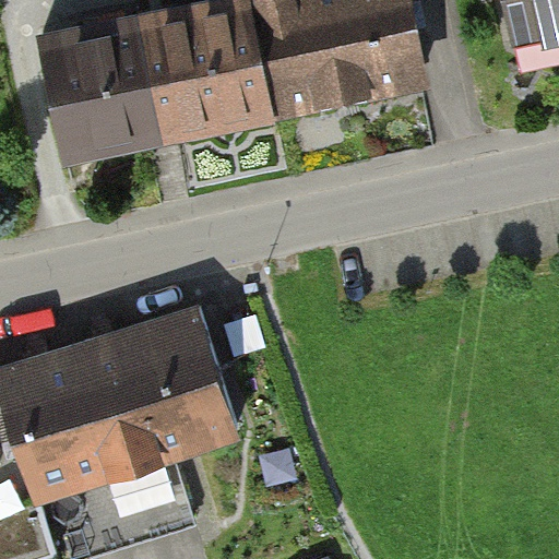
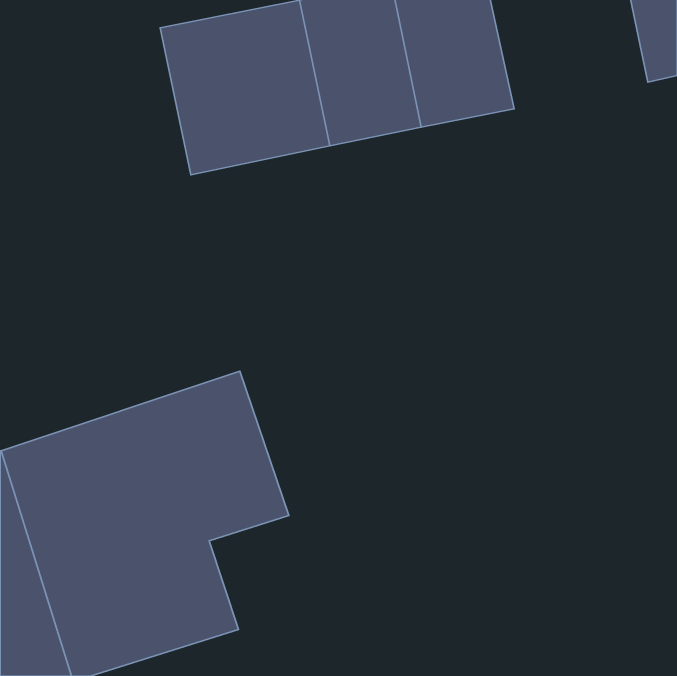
building: [27,23,157,166] -> none

